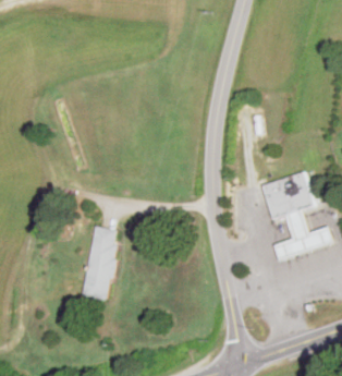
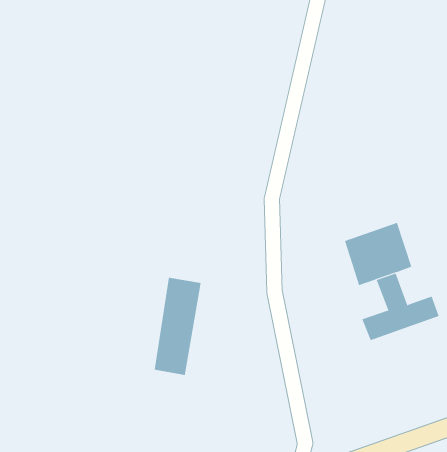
building: [83,227,119,301] -> [154,277,202,376]

